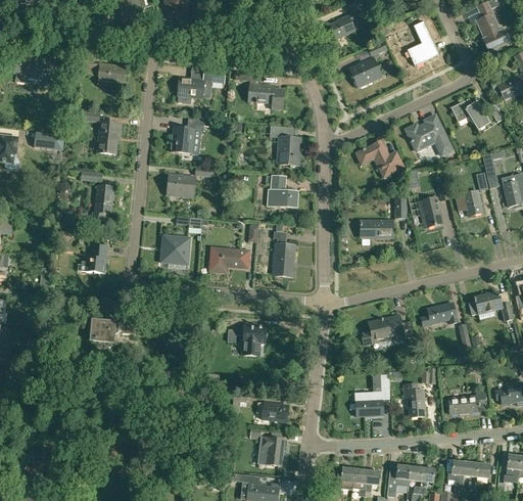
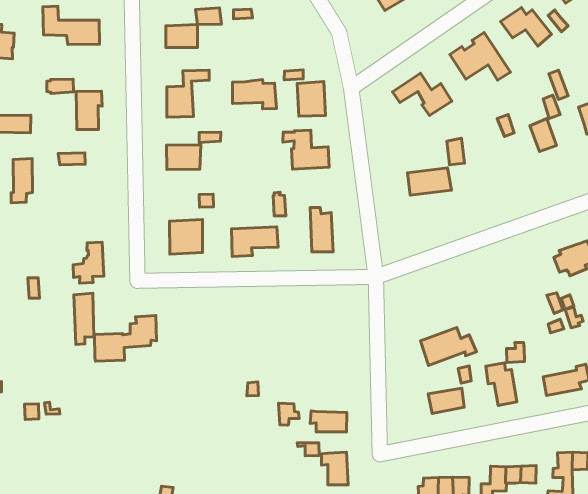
building: [248,84,284,109] -> [232,80,276,109]
building: [92,185,113,221] -> [11,158,33,203]
building: [418,197,442,227] -> none
building: none -> [74,293,94,345]
building: [420,303,458,325] -> none
building: [369,315,413,343] -> [420,328,476,365]
building: [228,323,266,355] -> none

